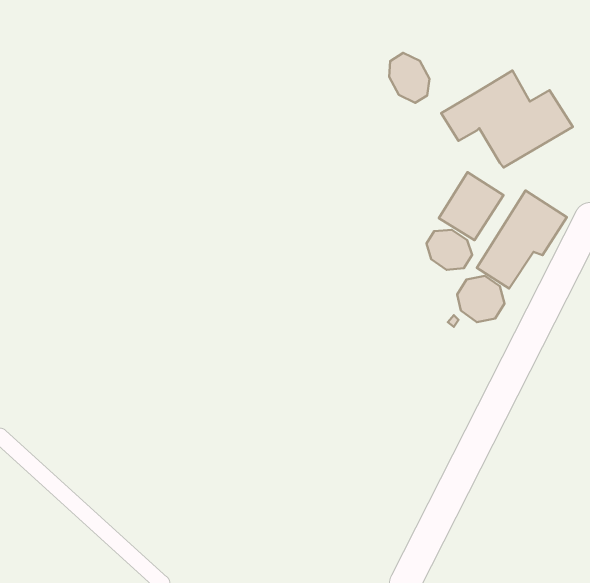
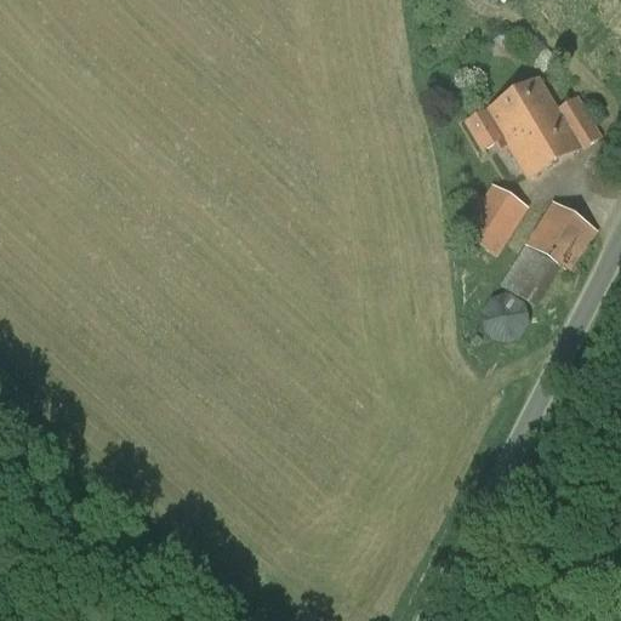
building: [389,53,429,103] -> none
building: [427,230,472,270] -> none

